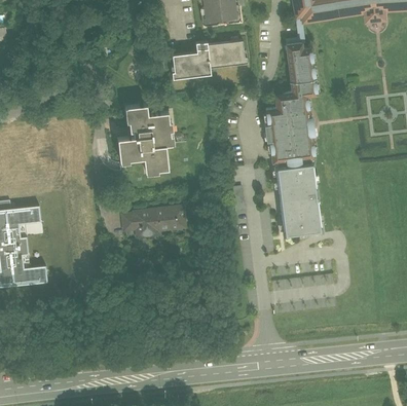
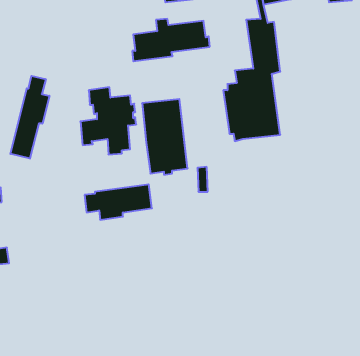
building: none -> [10,76,49,159]
building: [280,154,325,229] -> [142,99,188,175]

